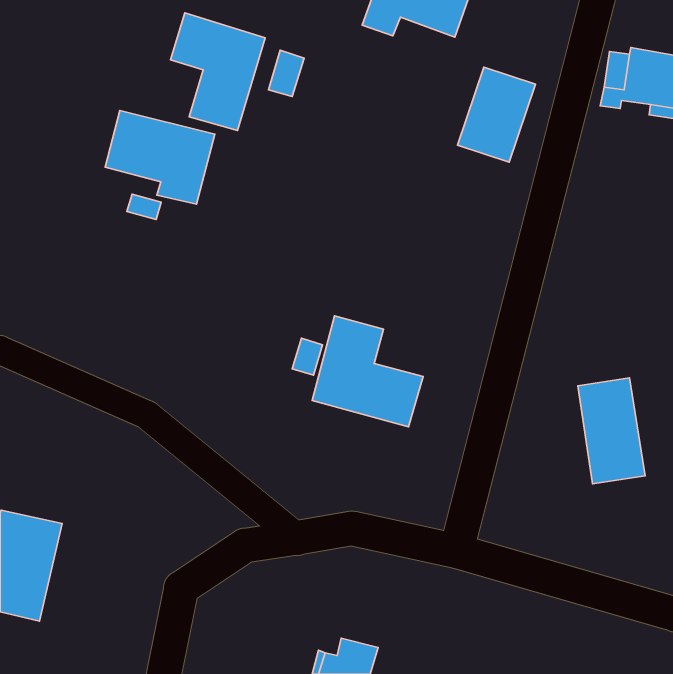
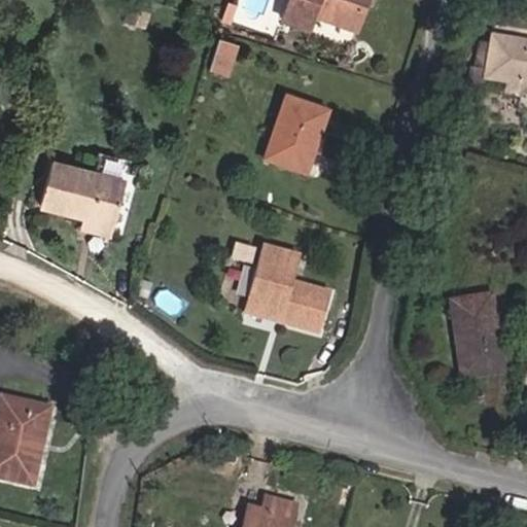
building: [171,13,265,131] -> none
building: [458,67,536,162] -> [267,99,327,173]
building: [105,110,215,204] -> [41,162,127,235]

